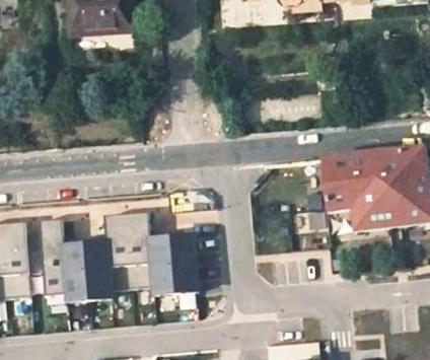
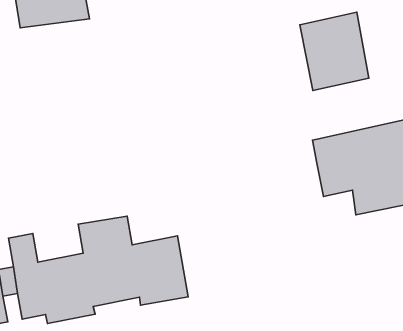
building: none -> [300,12,369,91]

